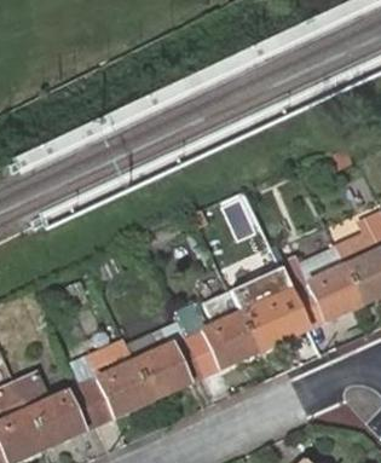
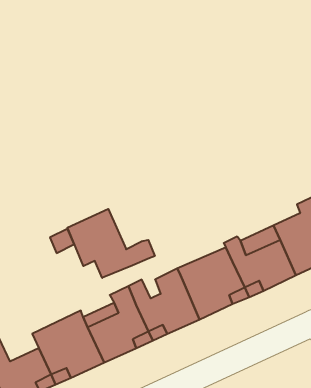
building: none -> [67,209,155,278]

